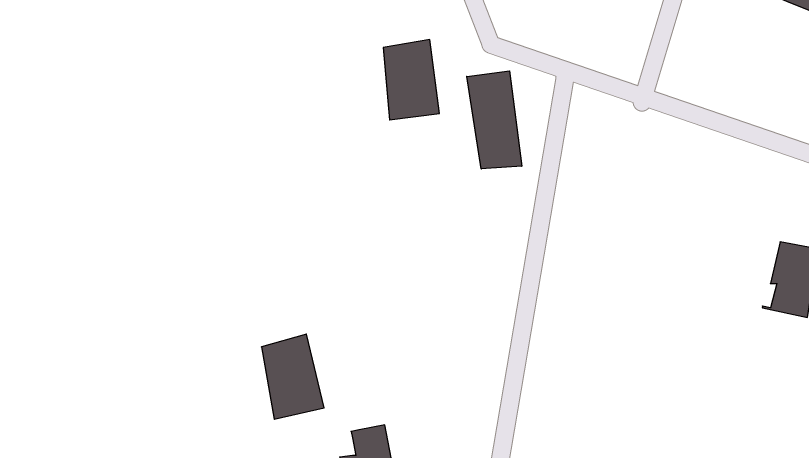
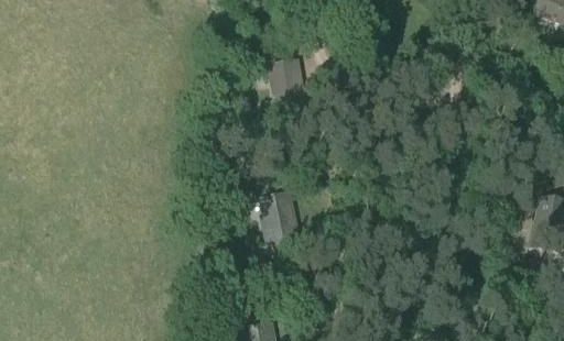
building: [467,71,522,169] -> none
building: [261,334,324,419] -> [260,182,303,240]

